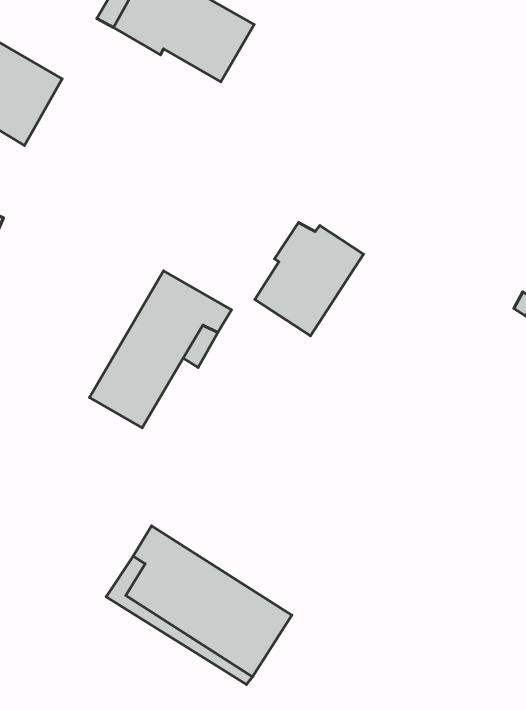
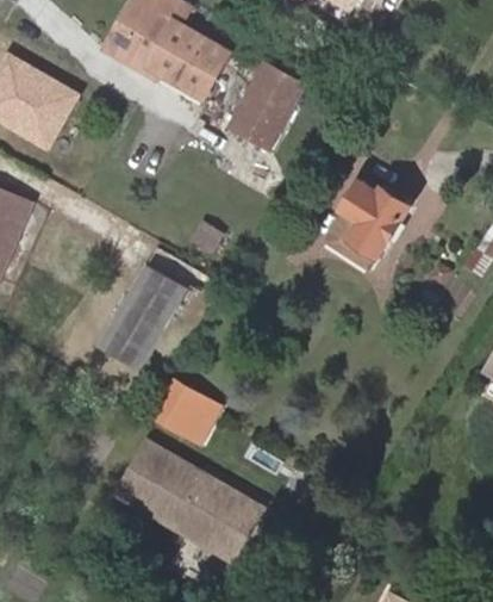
building: none -> [232,63,301,143]
building: [255,223,363,336] -> [327,179,413,268]
building: none -> [154,377,216,445]

